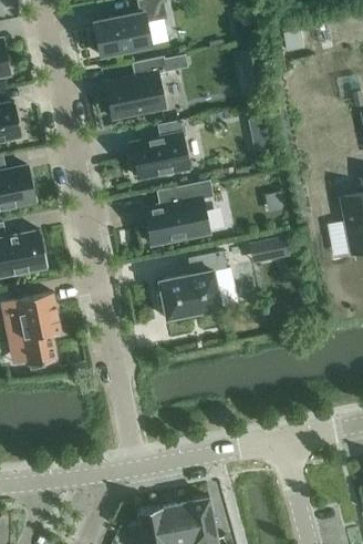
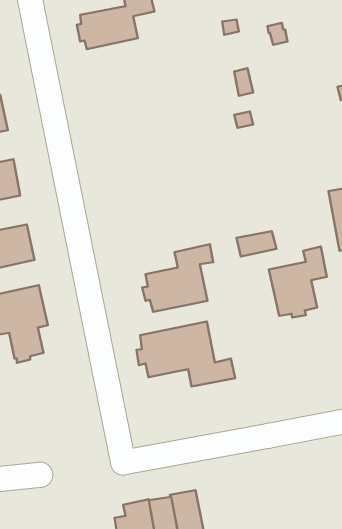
building: [106,55,187,120] -> none
building: [132,121,189,179] -> none
building: [145,182,212,246] -> none
building: none -> [269,247,327,318]
building: none -> [136,321,235,387]

